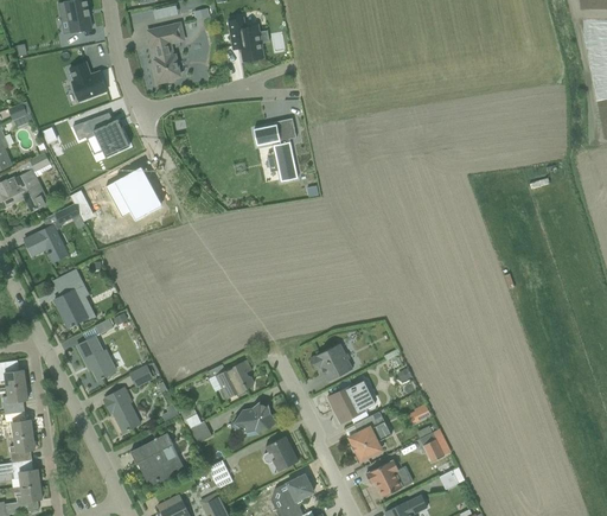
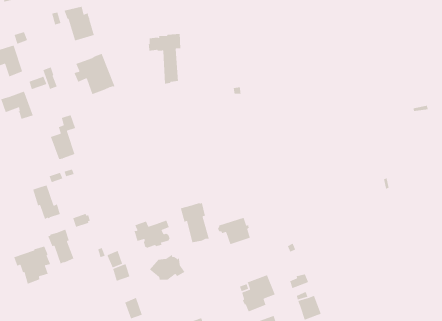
building: [254,117,298,183] -> [148,33,181,84]
building: [53,268,88,326] -> [50,114,76,160]
building: none -> [180,202,210,243]
building: [327,380,375,422] -> none
building: [130,432,178,483] -> [13,245,51,285]
building: [262,435,298,471] -> none

